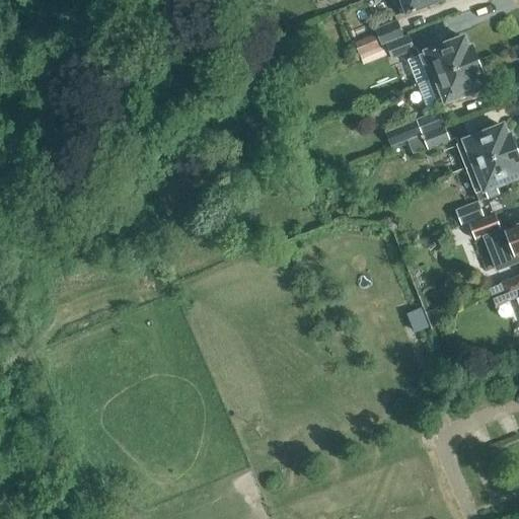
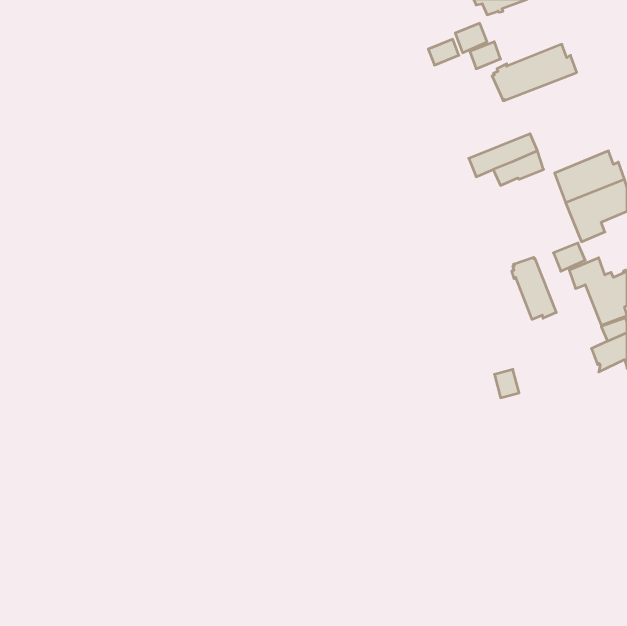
building: [417,60,484,108] -> none
building: none -> [512,257,556,319]

